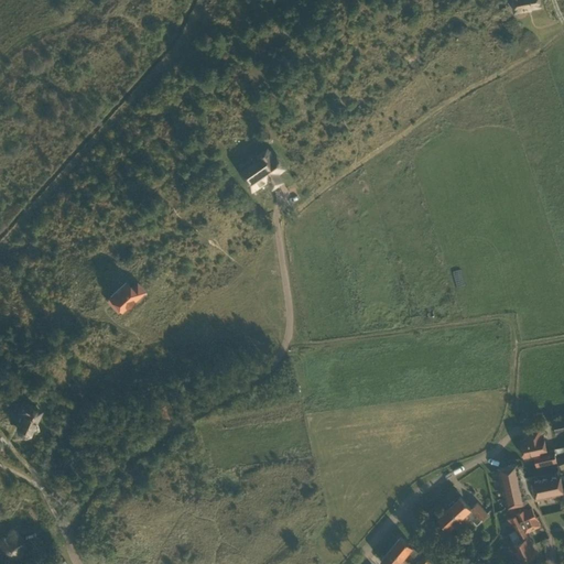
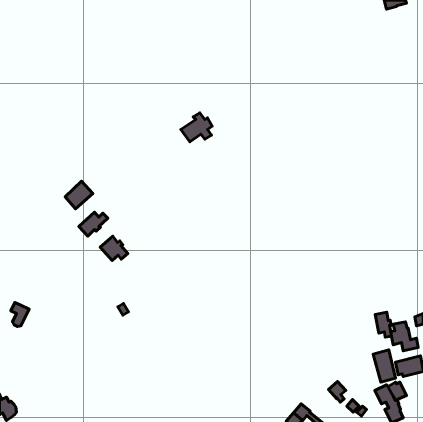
building: none -> [65,181,93,209]
building: none -> [100,236,128,261]
building: none -> [375,312,392,337]
building: [448,499,487,522] -> none

